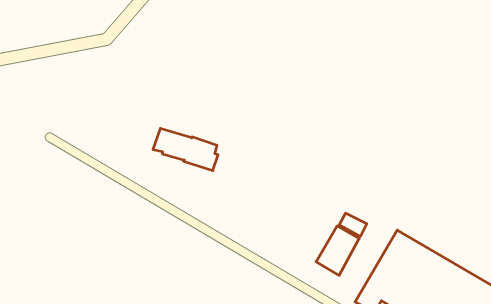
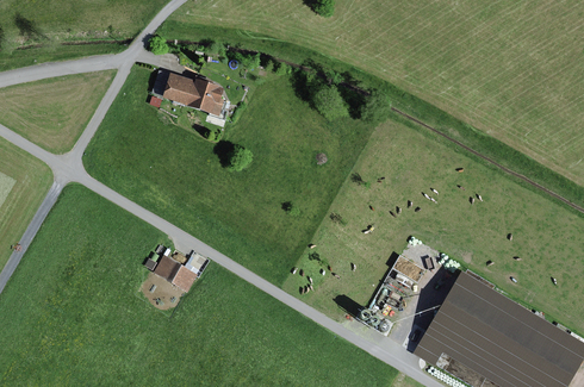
building: [153,128,218,171] -> [150,69,224,117]
building: none -> [153,254,198,292]

